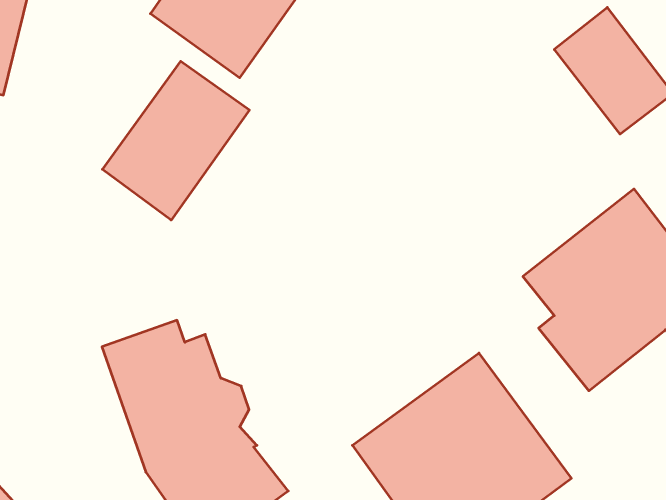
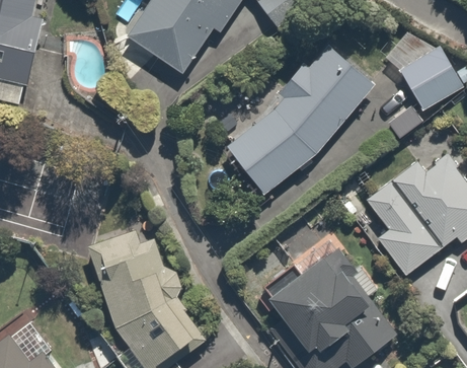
building: none -> [228,47,374,193]
building: [102,61,249,220] -> none

